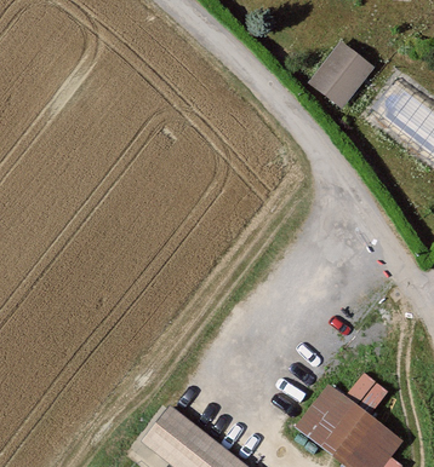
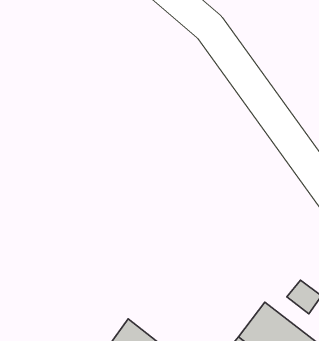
building: [316,46,372,103] -> none

